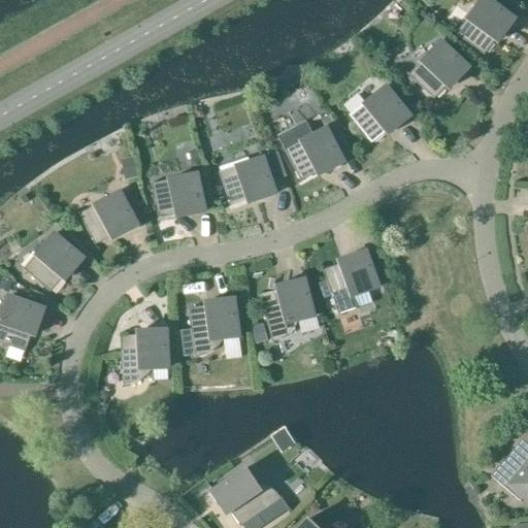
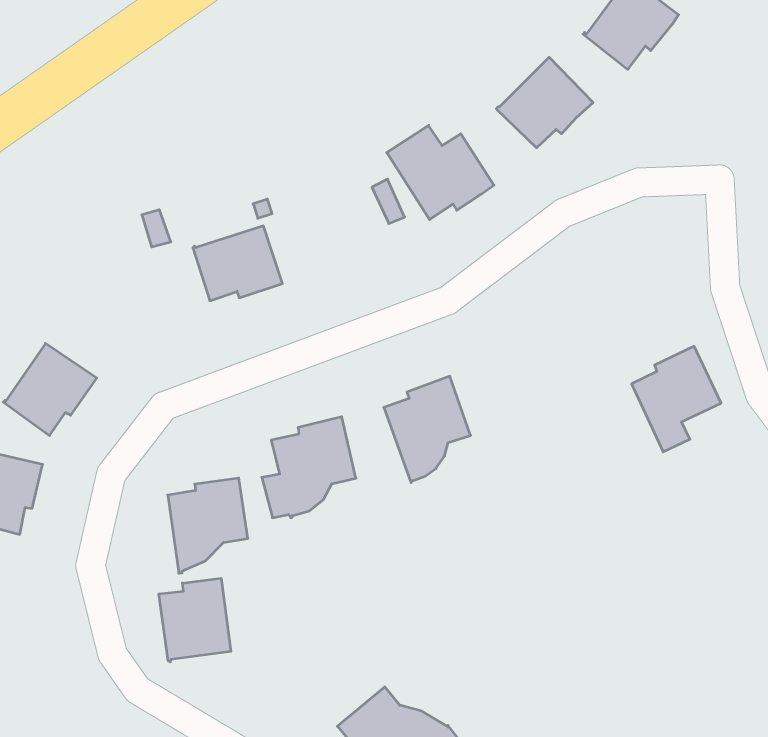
building: [221,155,276,202] -> none
building: [80,189,139,241] -> none
building: [325,248,380,311] -> [632,346,721,452]
building: none -> [159,578,231,662]

